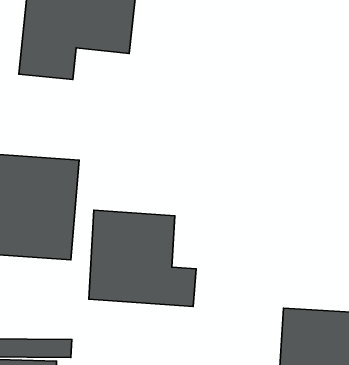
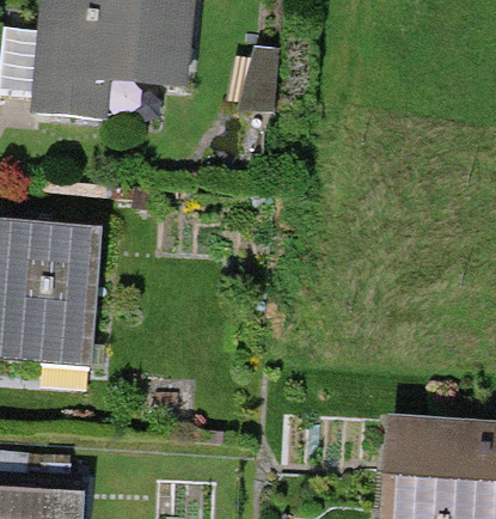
building: [89,210,196,306] -> none

